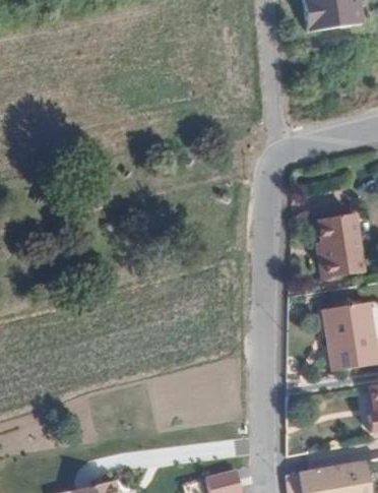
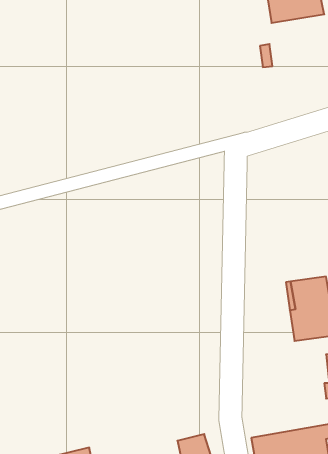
building: [316,214,362,278] -> none

